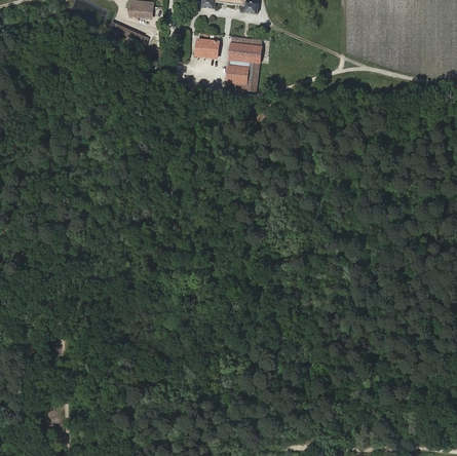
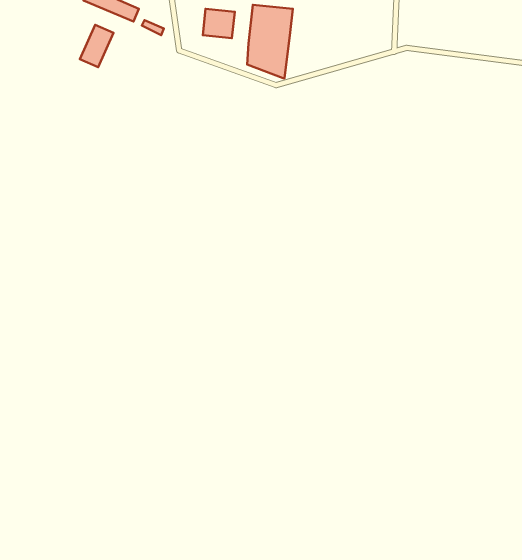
building: none -> [80,25,114,67]

